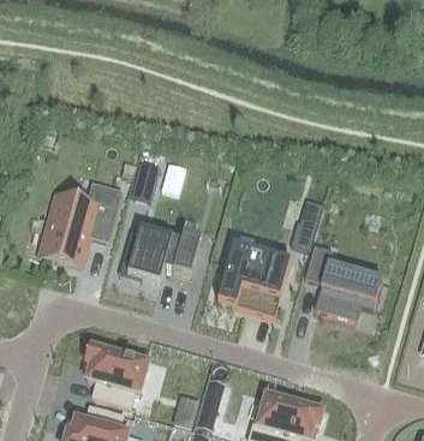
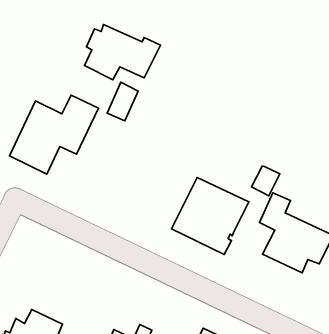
building: [127,225,202,279] -> [85,25,161,80]
building: [88,344,149,405] -> none

